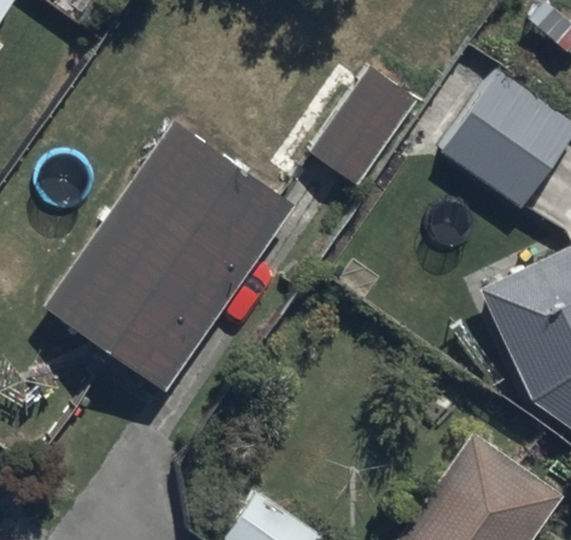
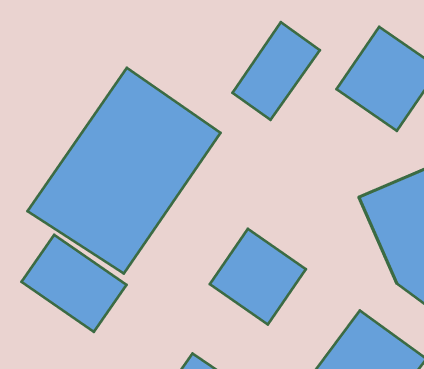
building: none -> [210,229,306,325]
building: none -> [22,235,126,332]

